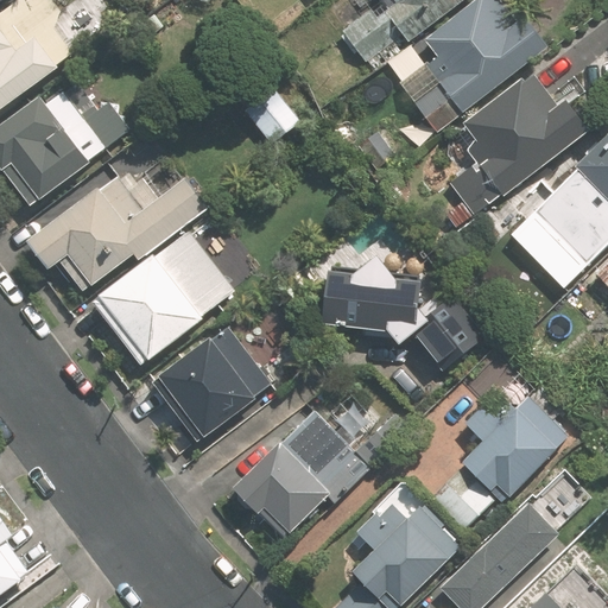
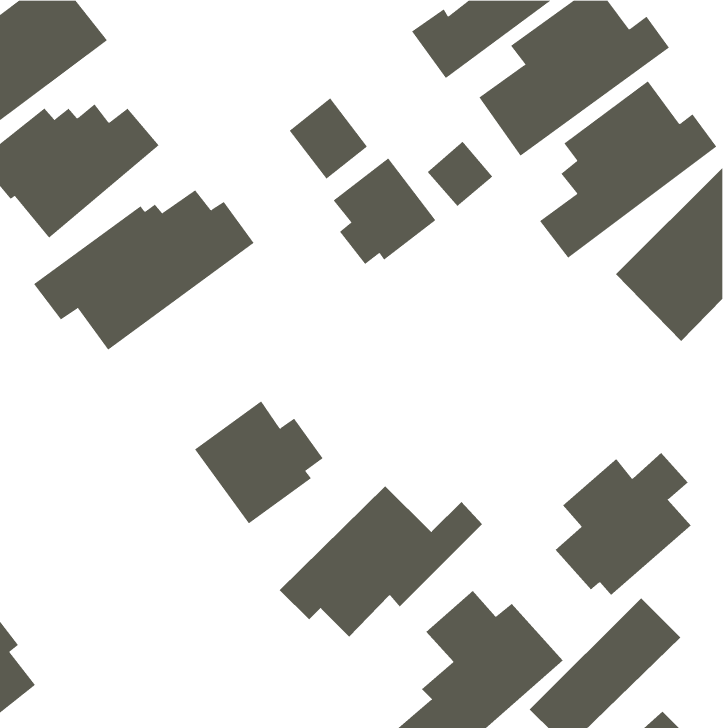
building: none -> [333,158,436,265]
building: [90,230,236,367] -> none
building: [315,246,479,382] -> none

